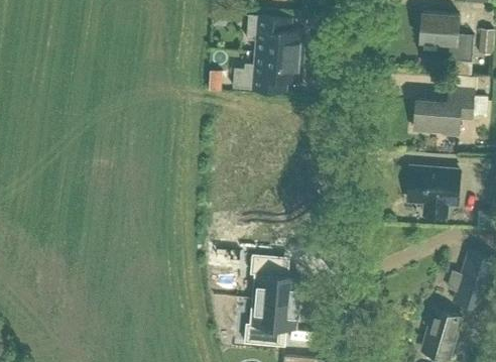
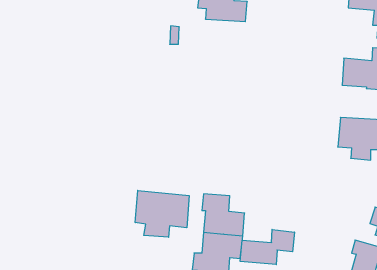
building: [233,52,301,92] -> none
building: none -> [135,190,189,237]
building: none -> [240,229,294,265]

